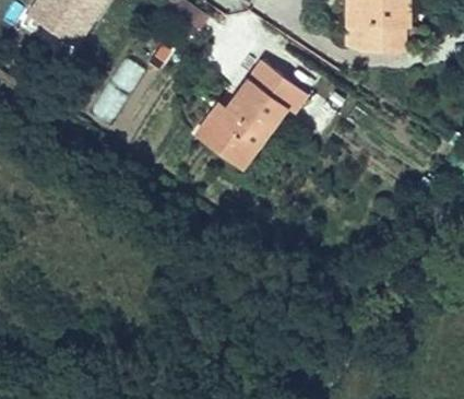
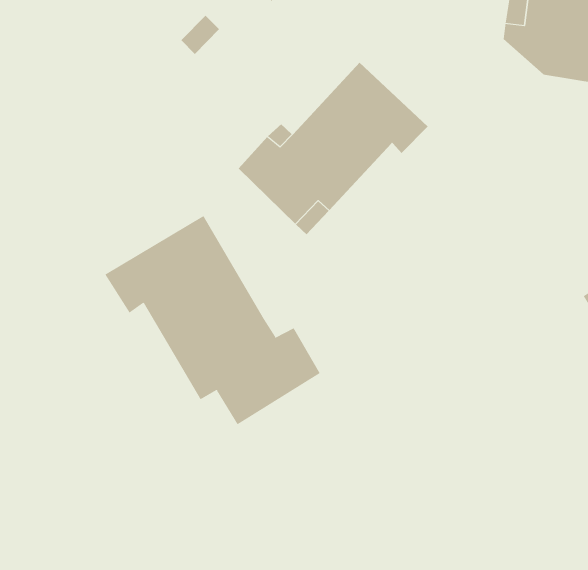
building: none -> [105,215,320,425]

